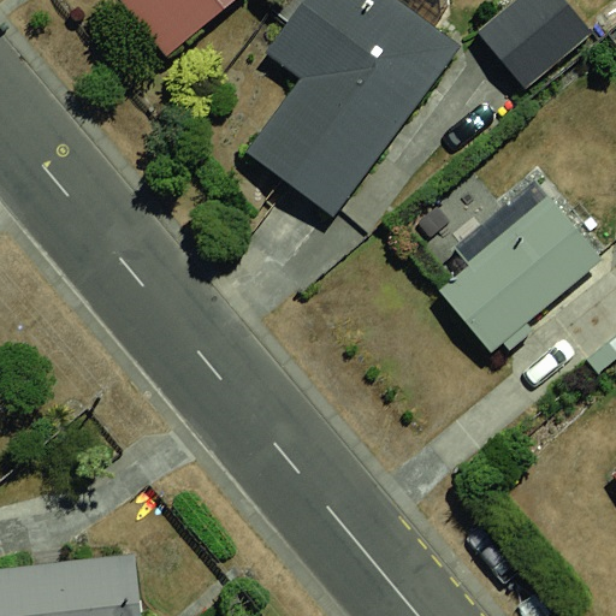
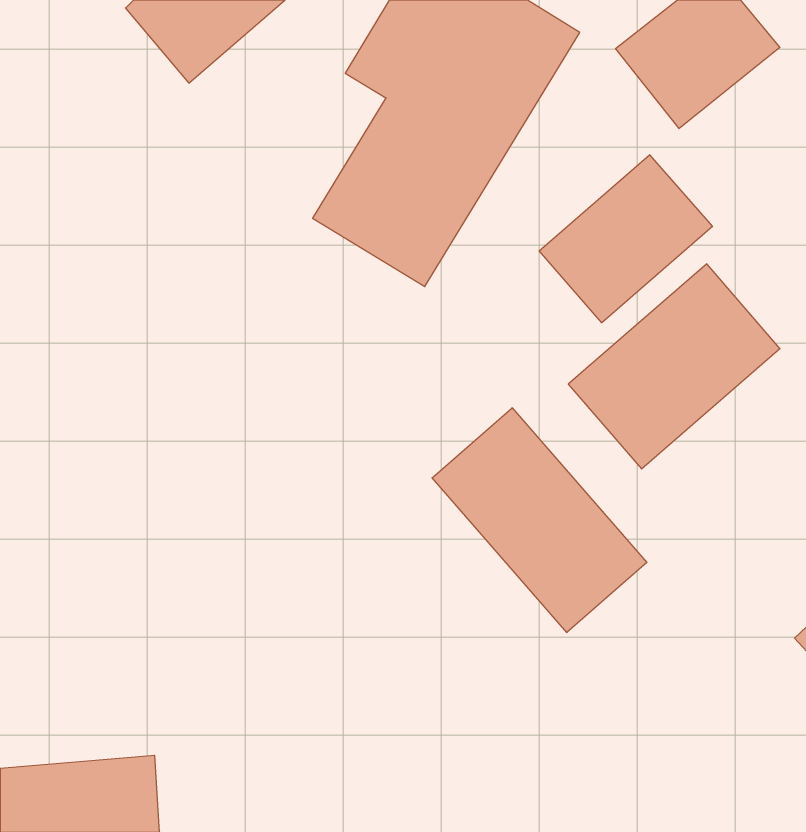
building: none -> [539,155,712,323]
building: none -> [432,408,647,633]

